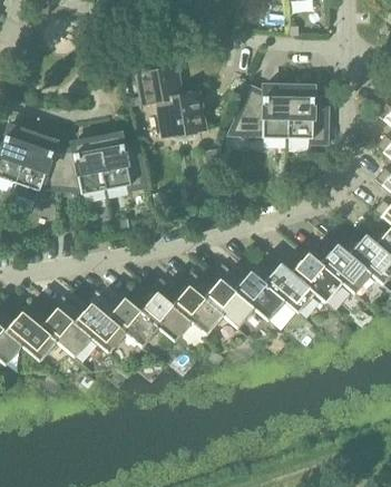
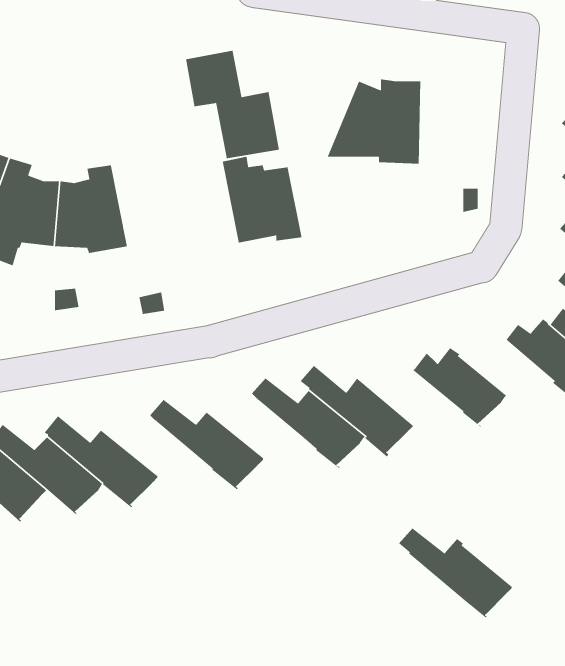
building: [290,87,330,144] -> none
building: [98,136,148,191] -> [222,156,303,243]
building: [314,244,373,294] -> none
building: [245,256,316,313] -> [398,527,513,619]
building: [154,279,225,337] -> none
building: [89,291,160,349] -> none

